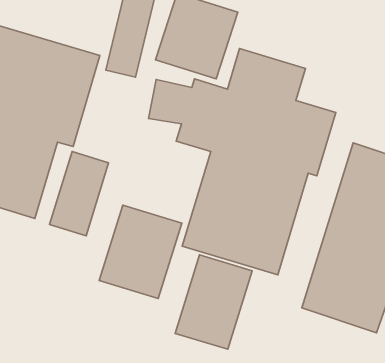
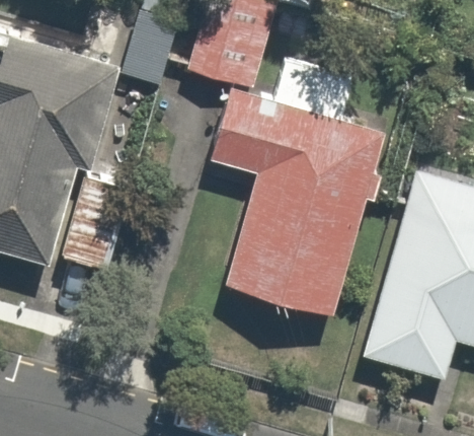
building: [99,205,182,299] -> none
building: [175,255,252,349] -> none

